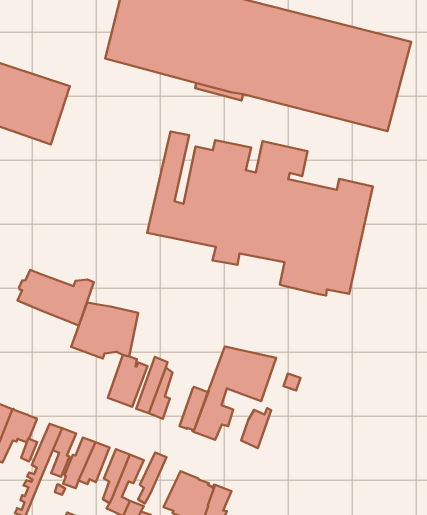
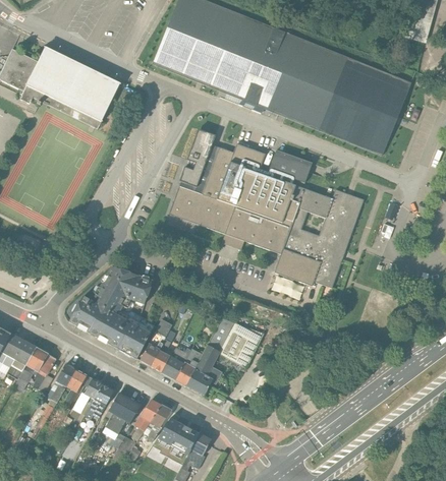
building: [17,270,94,325] -> [69,296,135,348]
building: [241,408,271,448] -> [162,347,190,379]
building: none -> [144,404,171,441]

